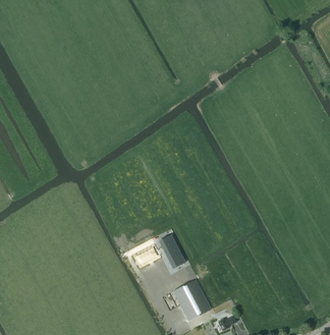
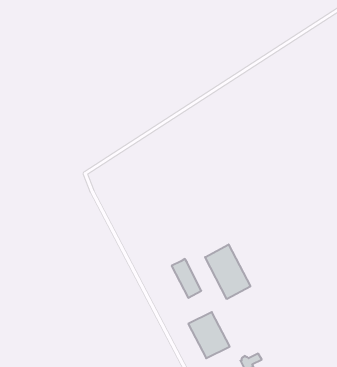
building: none -> [205,244,250,299]

